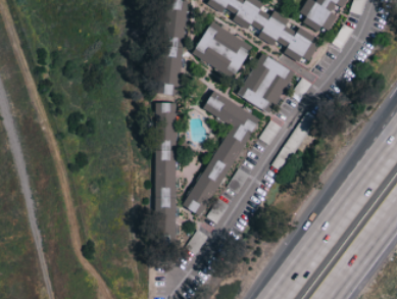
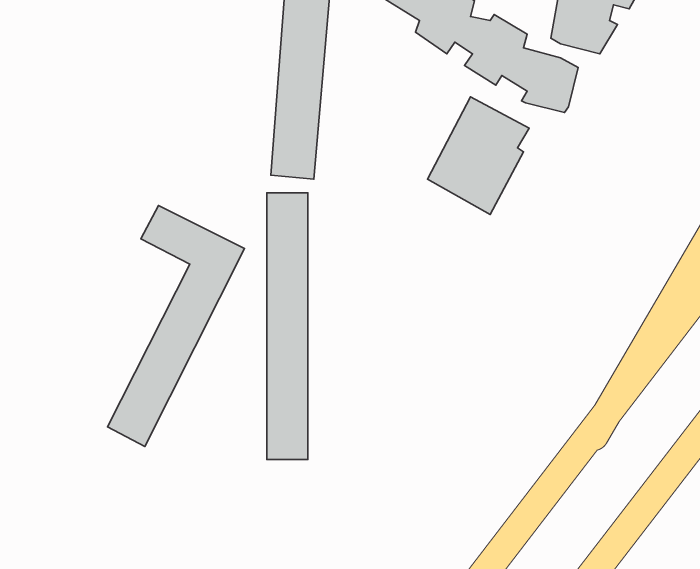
building: [193,21,254,79] -> none
building: [187,93,258,218] -> [107,206,245,447]

